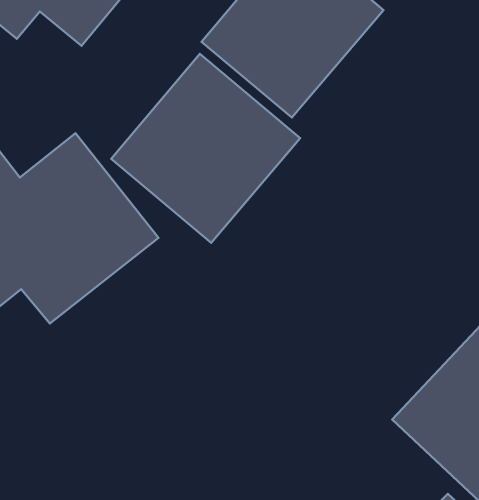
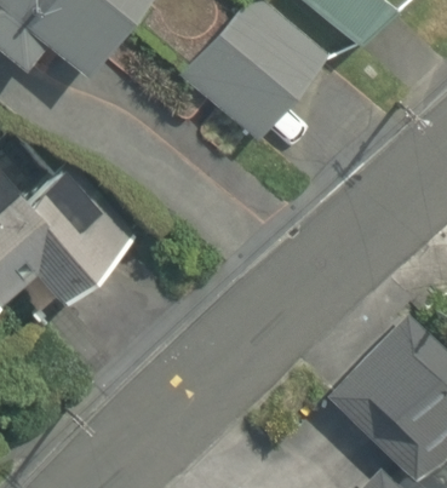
building: [111,54,300,243] -> none

